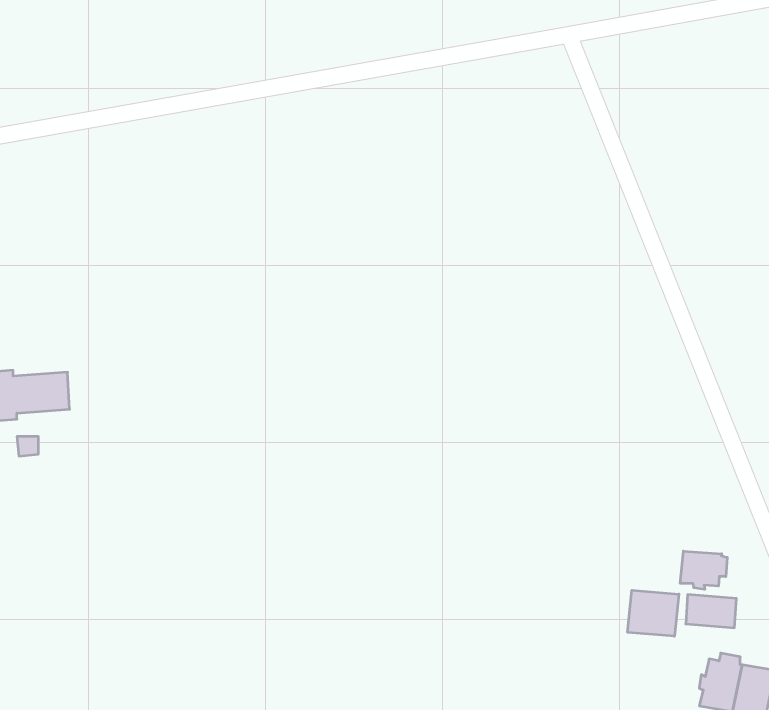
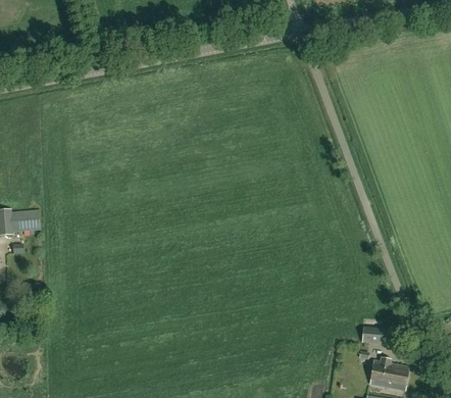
building: [680,551,727,589] -> none
building: [628,590,679,636] -> none

